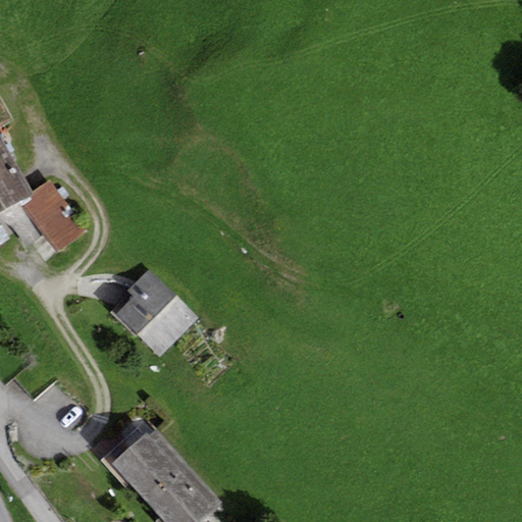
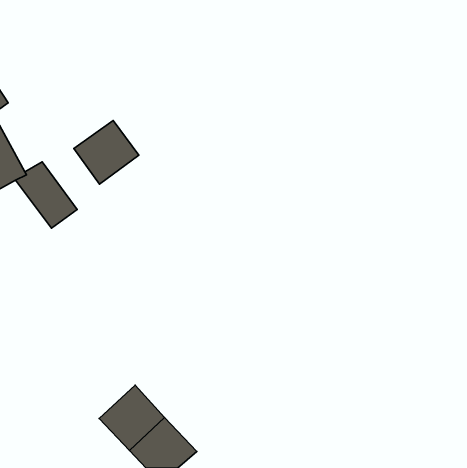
building: none -> [74,121,139,184]
building: [112,269,197,358] -> none

